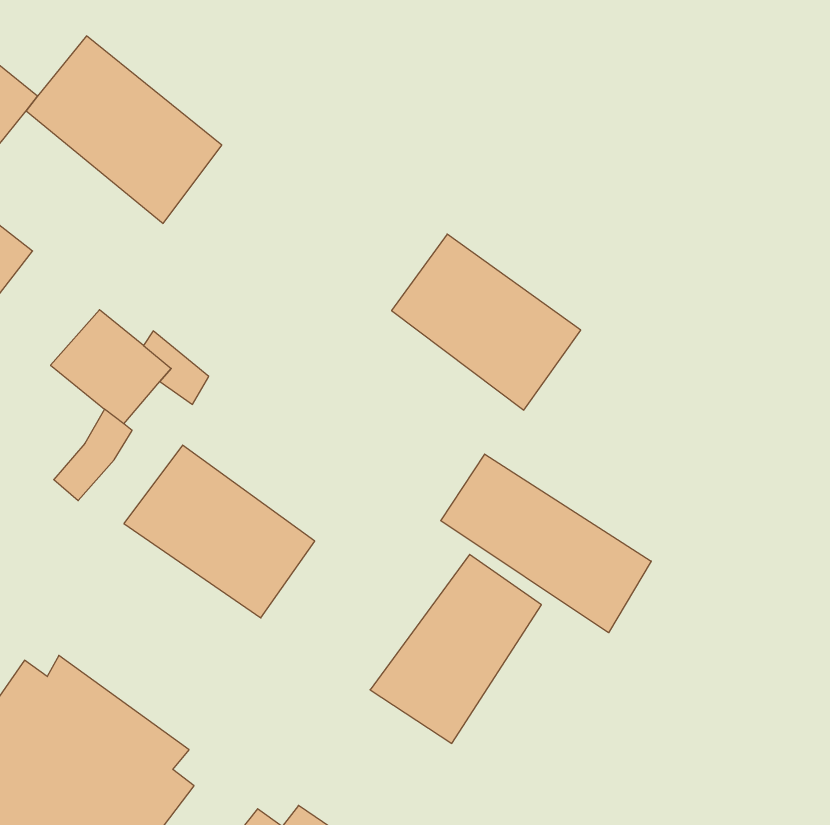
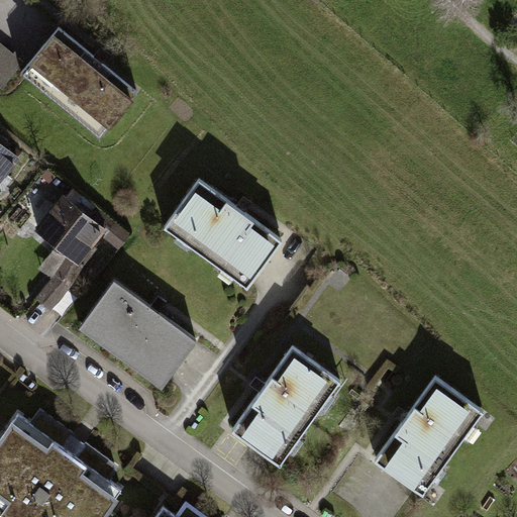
building: [392,234,581,410] -> [165,181,282,290]
building: [441,454,651,633] -> none
building: none -> [374,378,484,498]

